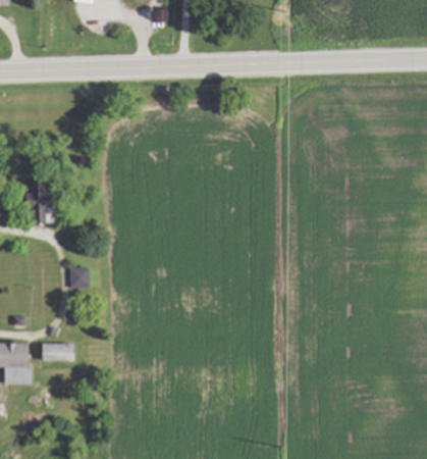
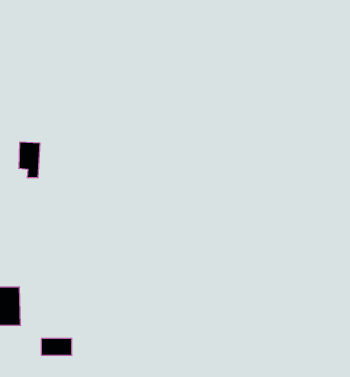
building: [67,268,87,288] -> none
building: [42,343,75,361] -> [41,339,72,355]

